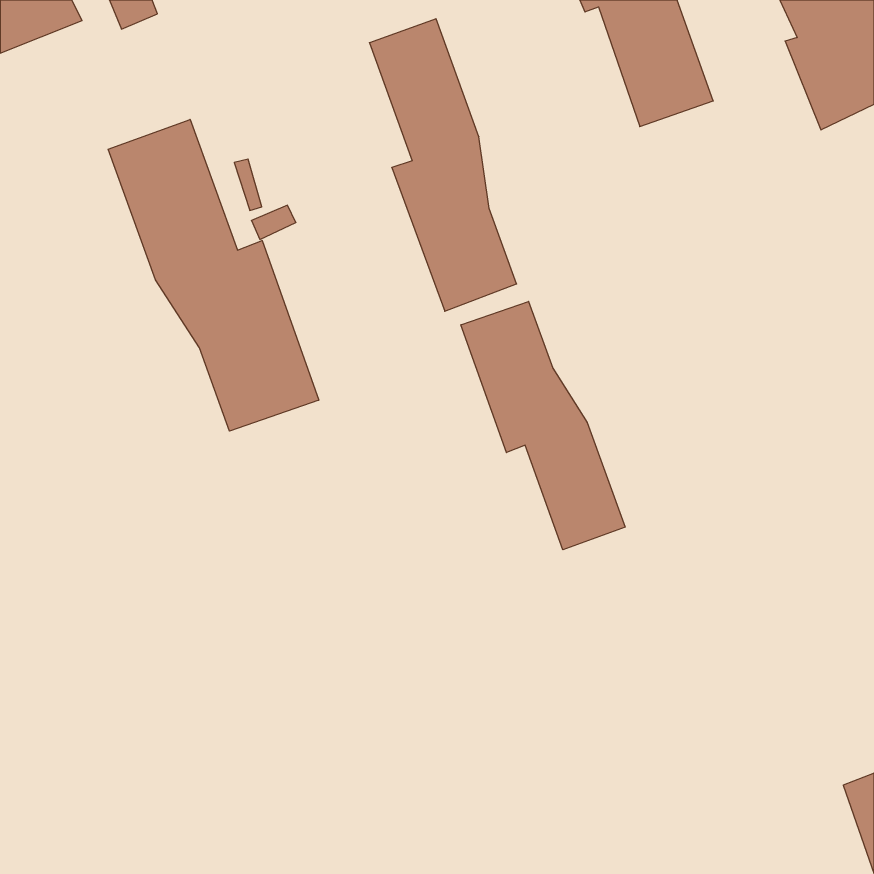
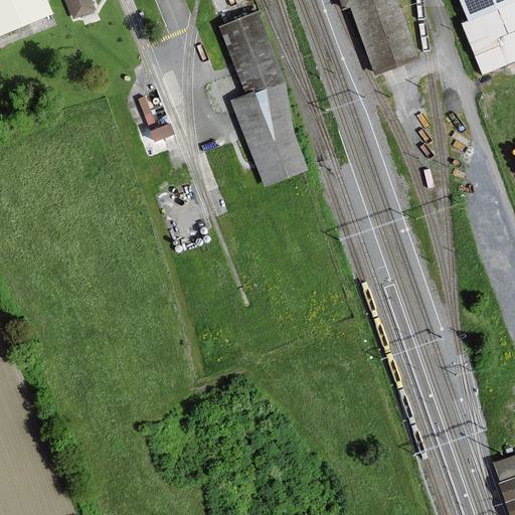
building: [108,119,319,431] -> none
building: [461,301,625,550] -> none

